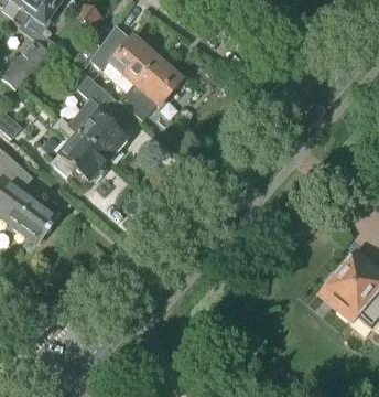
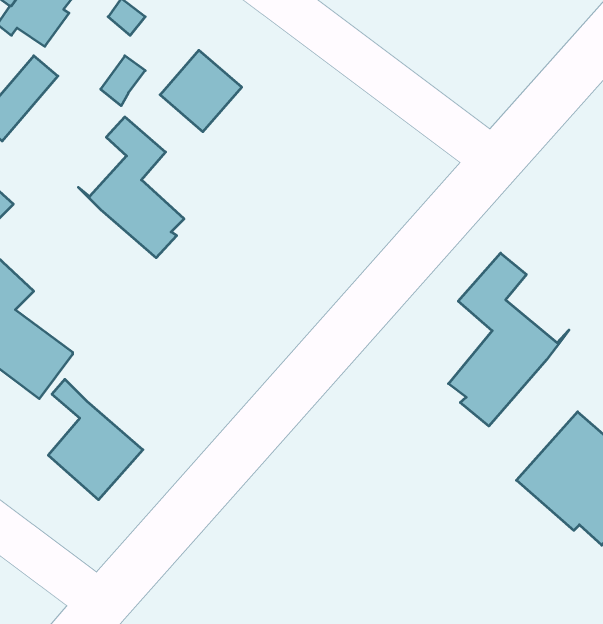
building: [119,57,183,121] -> none
building: [51,117,107,189] -> [48,379,143,500]
building: none -> [448,253,569,426]

